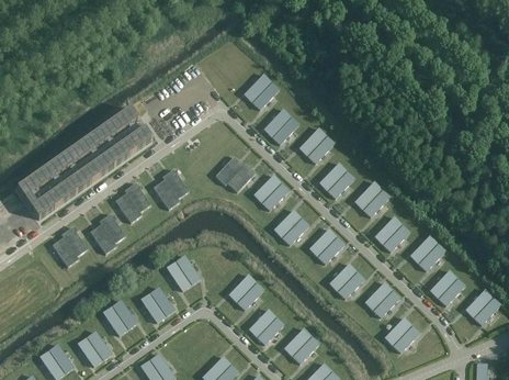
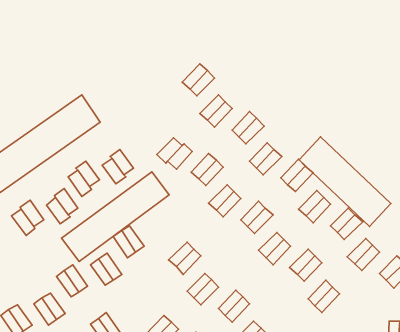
building: none -> [299,137,391,227]
building: none -> [61,172,169,261]

